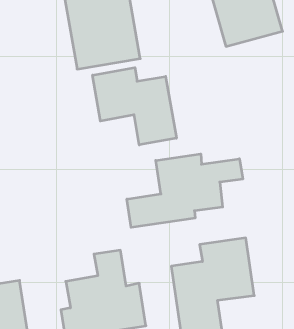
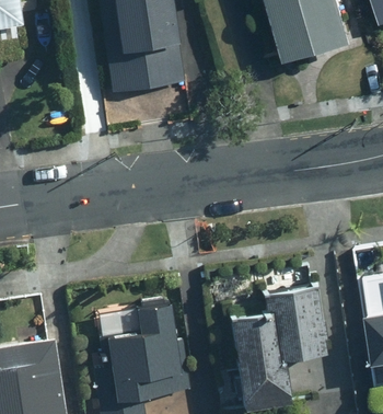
building: [93,68,176,145] -> none
building: [127,154,243,227] -> none

